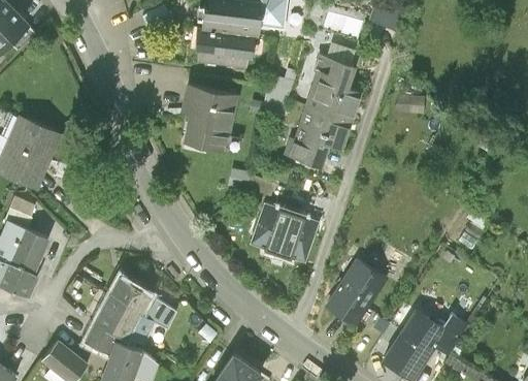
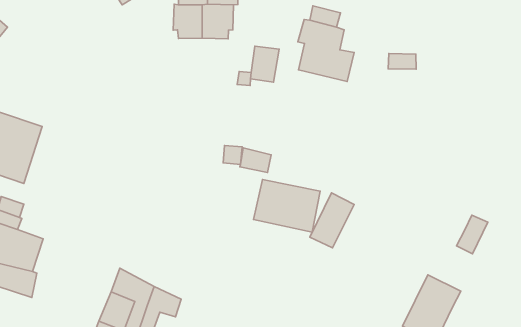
building: [179,85,230,149] -> none
building: [291,103,354,165] -> none
building: [335,268,381,321] -> [310,193,354,248]
building: [433,316,465,353] -> [457,215,488,254]

